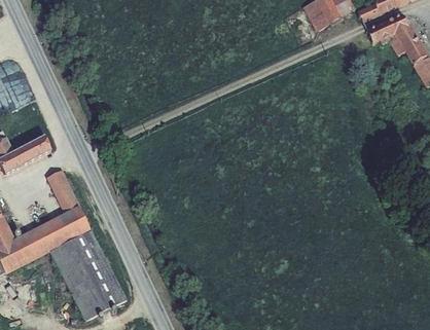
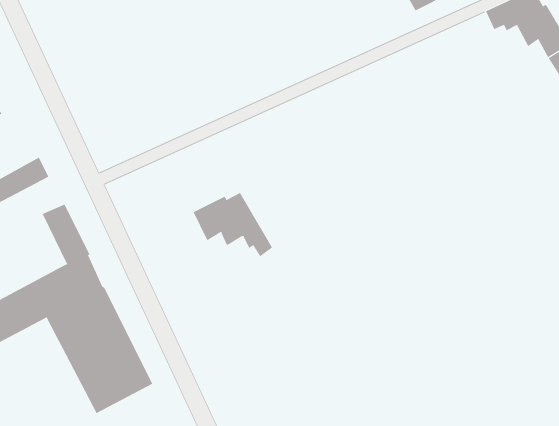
building: none -> [193,192,273,257]

